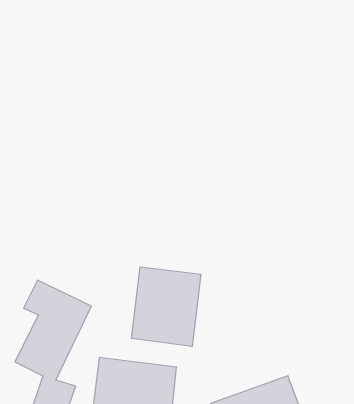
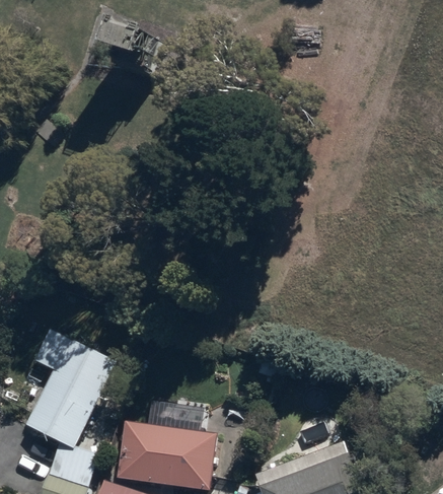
building: [131,267,201,347] -> none

